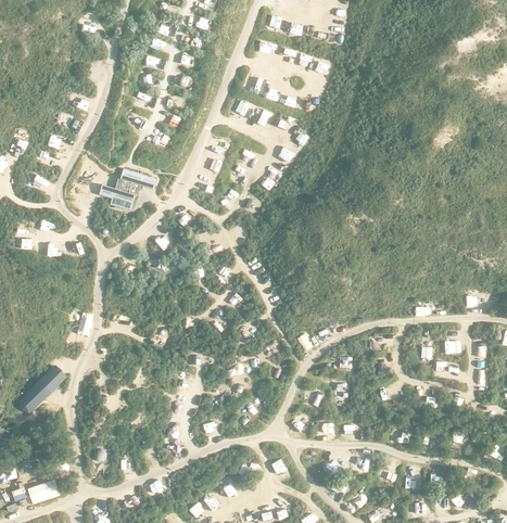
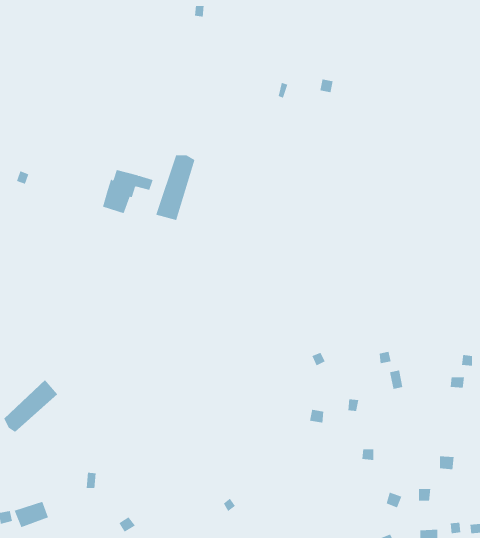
building: none -> [155,154,195,221]

